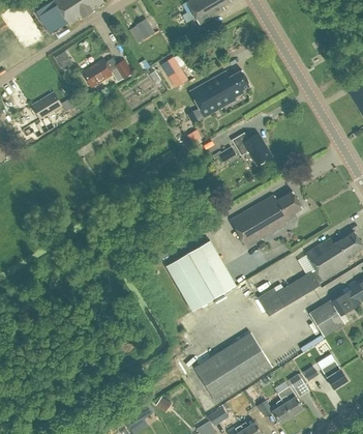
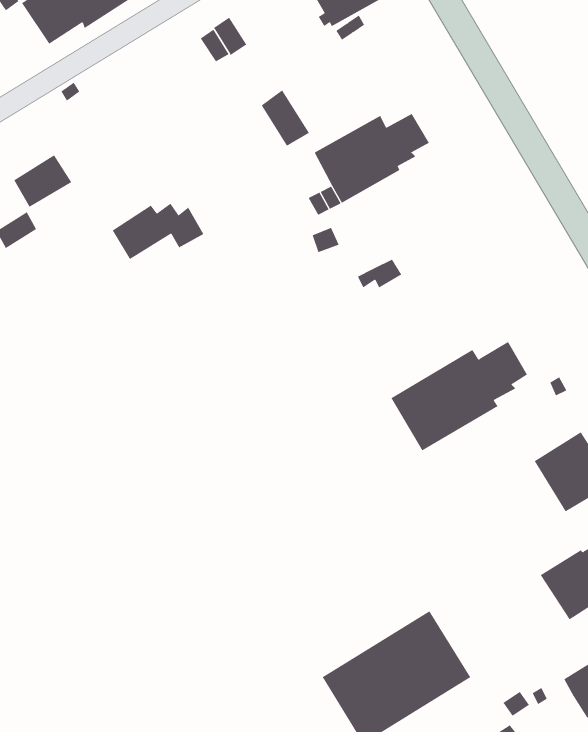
building: [82,57,130,87] -> [112,203,204,260]
building: [231,132,272,165] -> none
building: [168,240,238,311] -> none
building: [259,270,321,316] -> none

